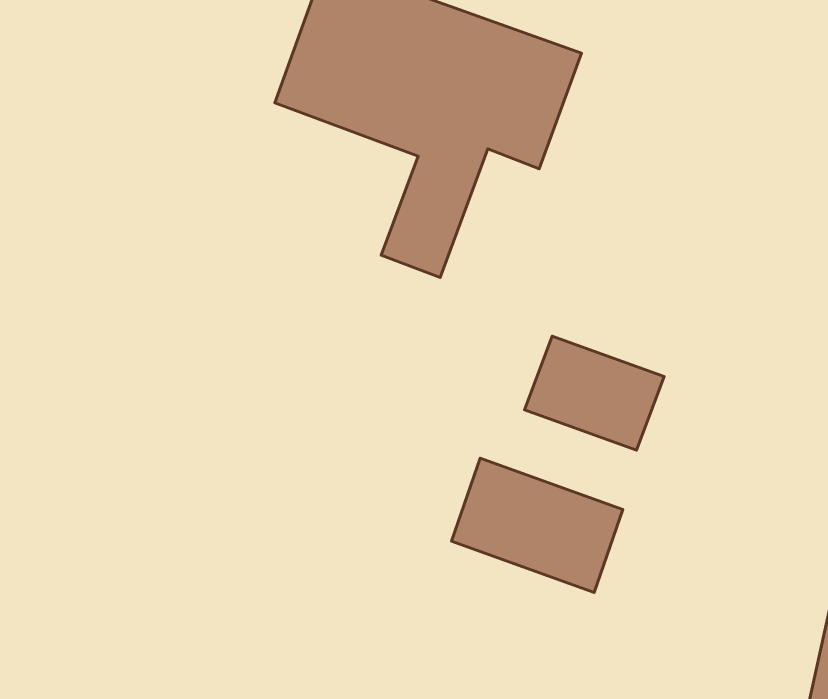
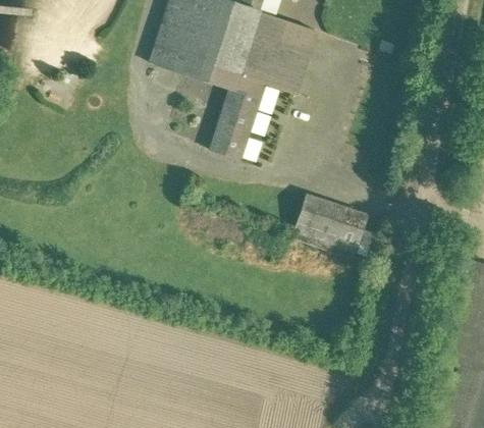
building: [452,458,623,593] -> none

